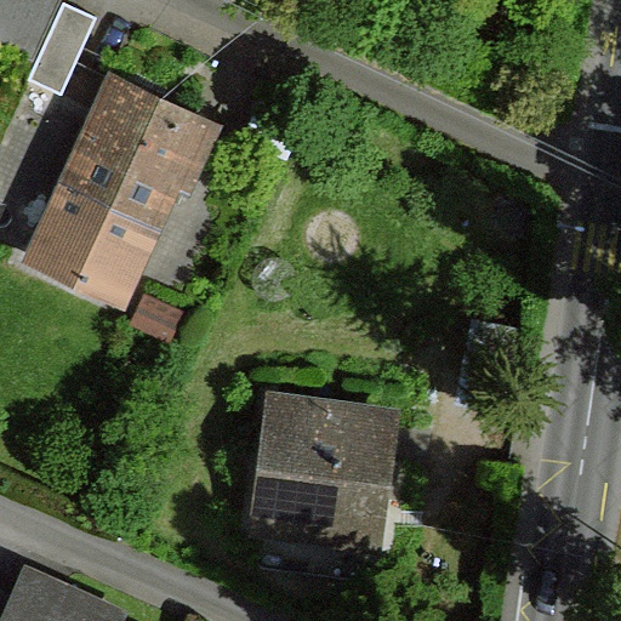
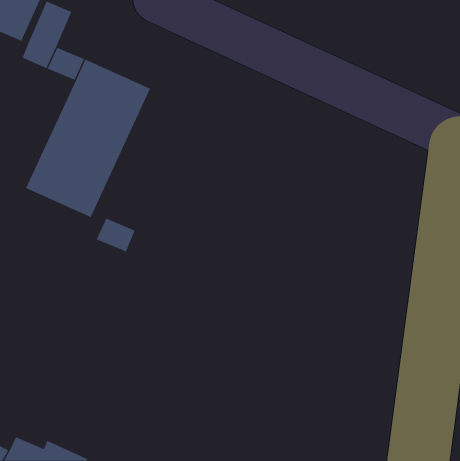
building: [261,400,387,535] -> none

